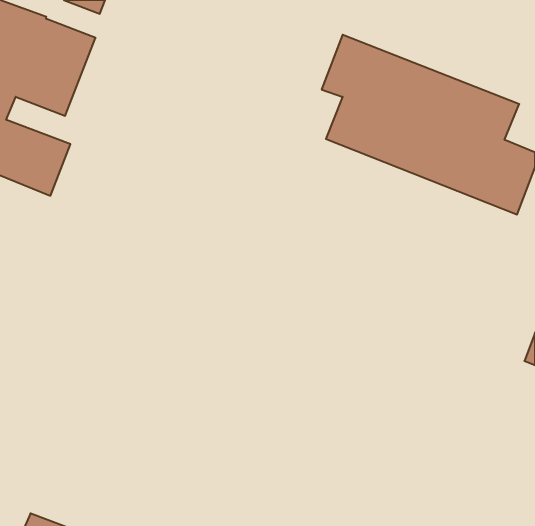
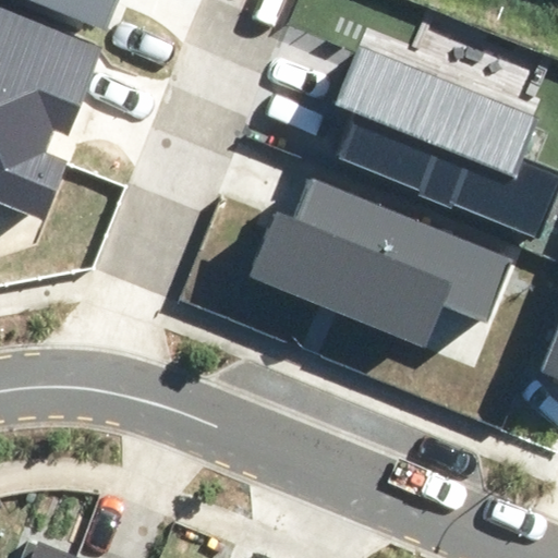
building: none -> [251,180,509,345]

